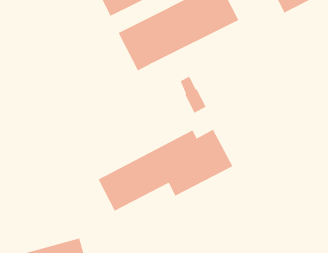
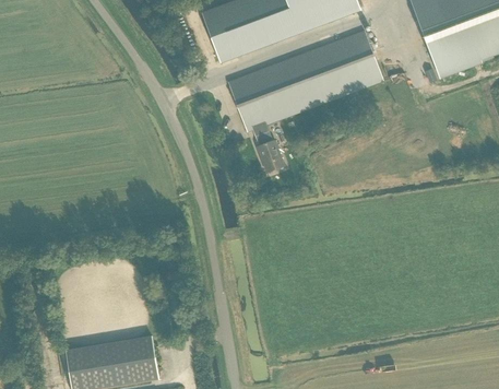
building: [180,76,207,113] -> [252,125,283,173]
building: [98,129,233,212] -> none

